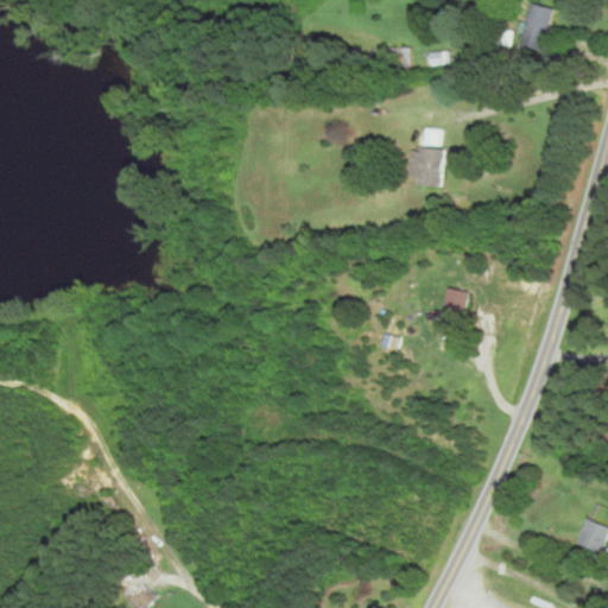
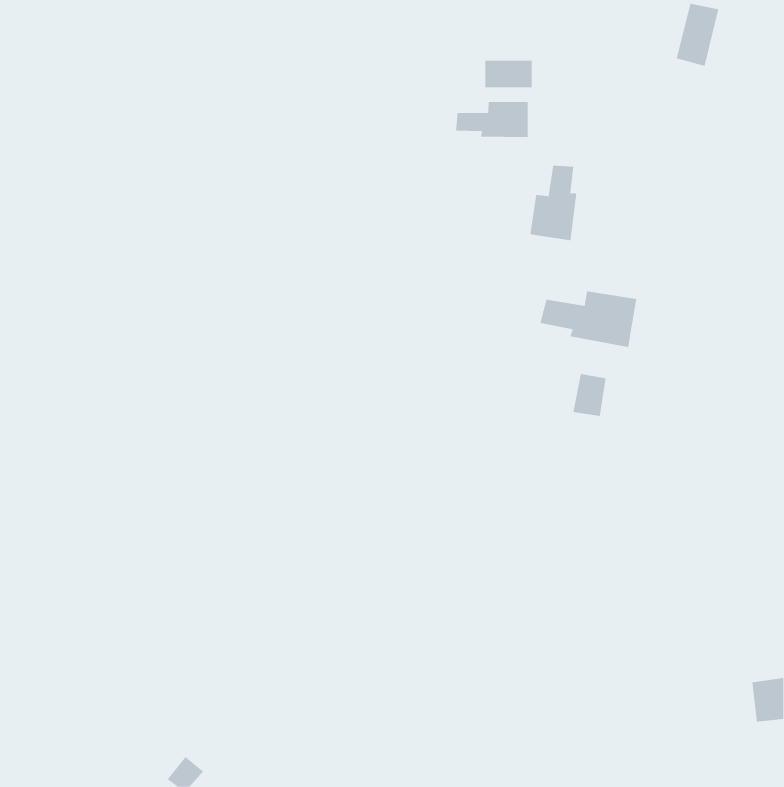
building: none -> [455,101,528,138]
building: none -> [540,291,637,348]

